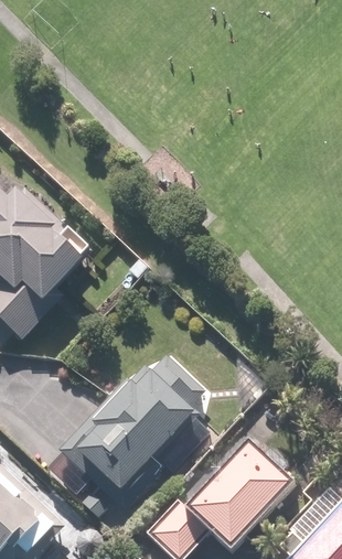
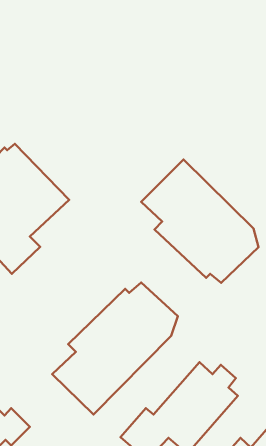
building: none -> [141,159,259,283]

